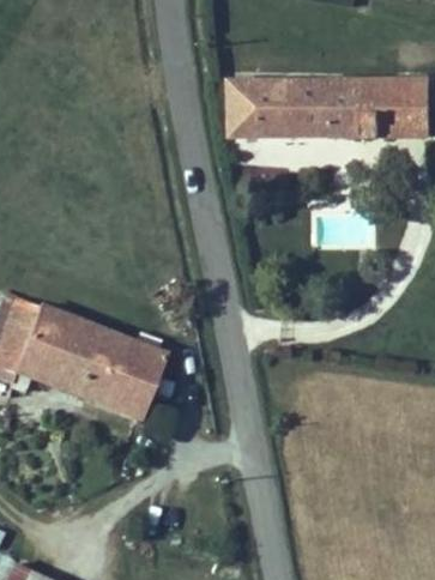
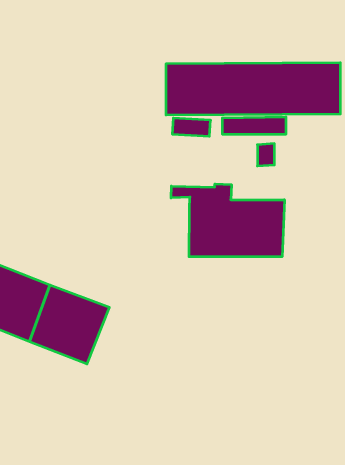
building: none -> [171,184,284,257]

